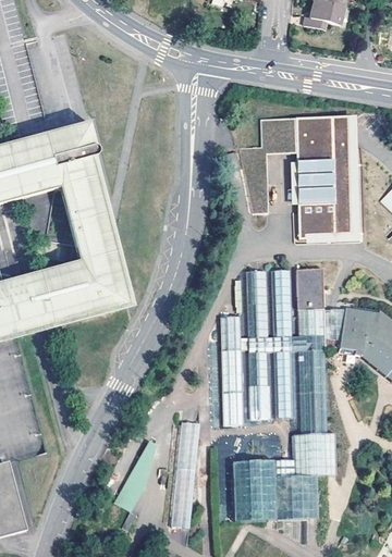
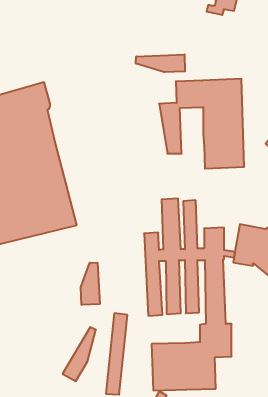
building: none -> [136,54,185,72]
building: [296,269,324,310] -> none
building: none -> [81,263,100,305]

